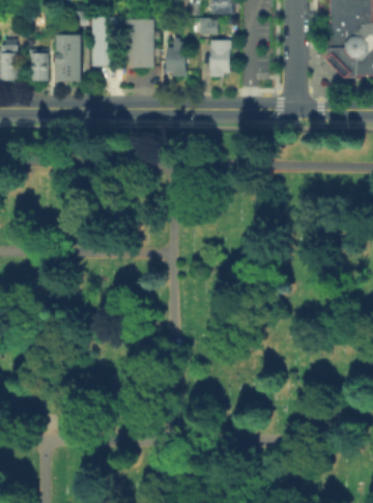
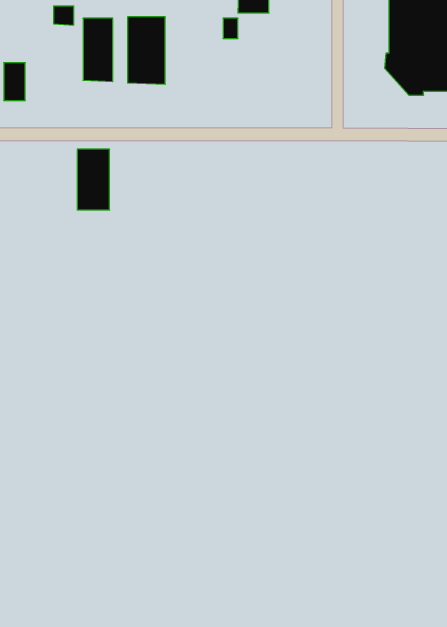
building: [55,33,80,80] -> [77,149,110,210]
building: [210,43,231,77] -> none
building: [168,49,187,78] -> none

